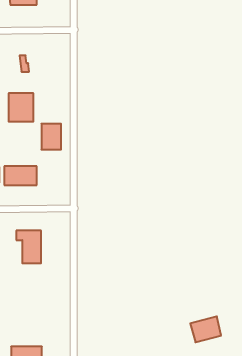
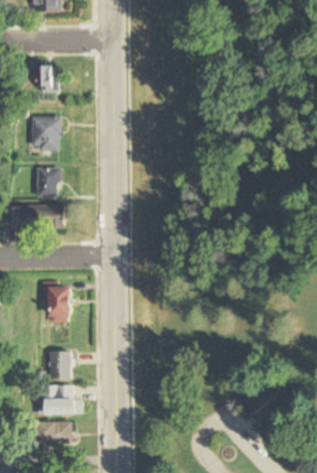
building: [41,124,61,150] -> [36,167,60,198]
building: none -> [49,351,70,379]
building: none -> [45,386,82,414]

